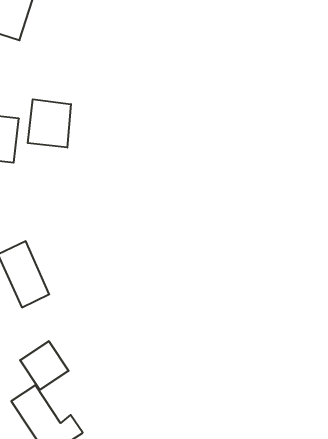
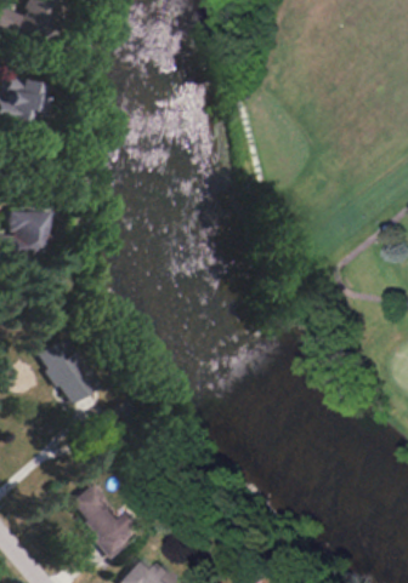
building: [28,99,71,148] -> none
building: [20,341,69,390] -> none

